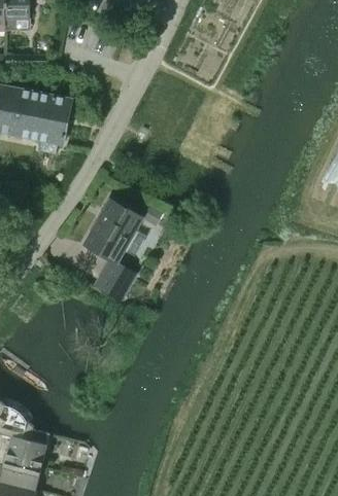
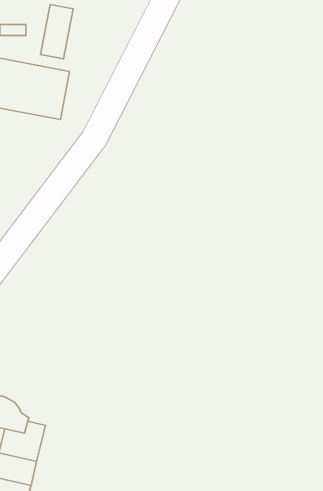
building: none -> [41,4,73,59]
building: [83,199,141,299] -> none

